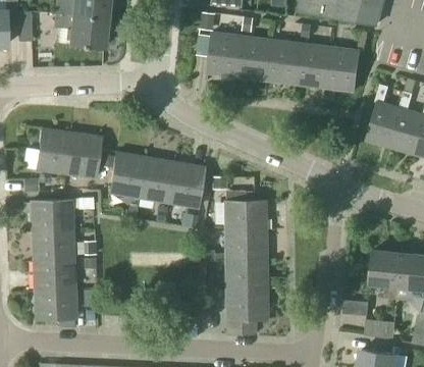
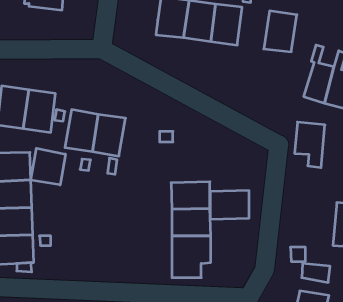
building: [296,44,330,89] -> none
building: [168,163,205,208] -> none
building: none -> [31,148,65,185]
building: [224,202,266,232] -> [210,191,249,219]
building: [370,251,403,300] -> [295,122,325,168]

